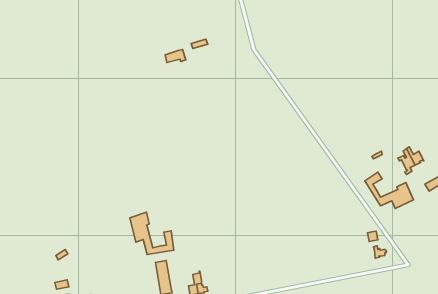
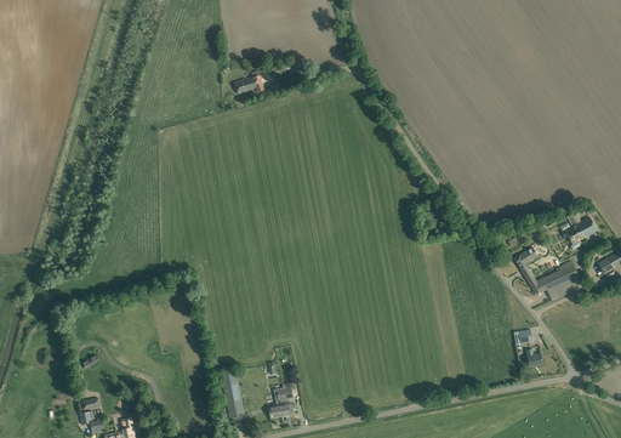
building: [130,212,174,254] -> none

